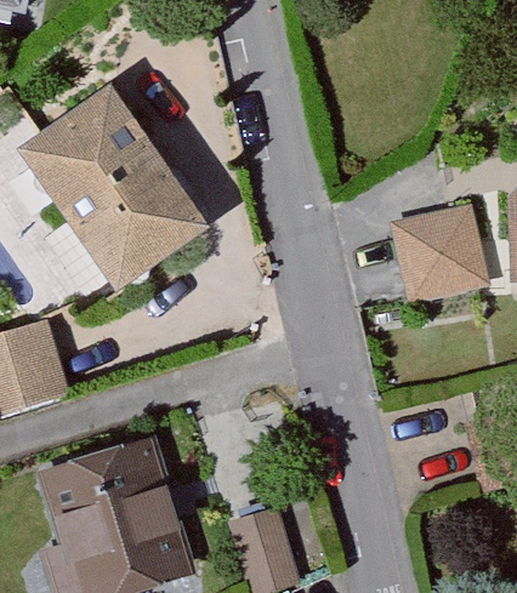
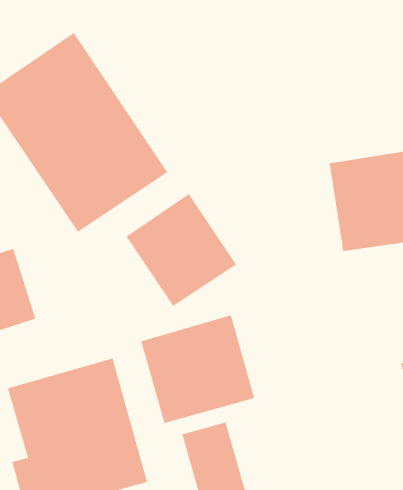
building: none -> [126,193,237,307]
building: none -> [141,315,255,424]

